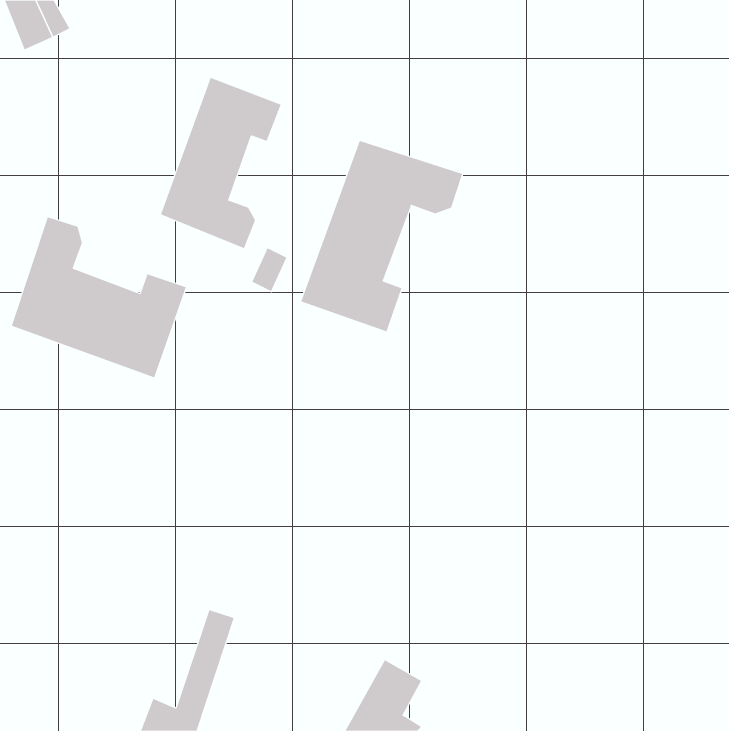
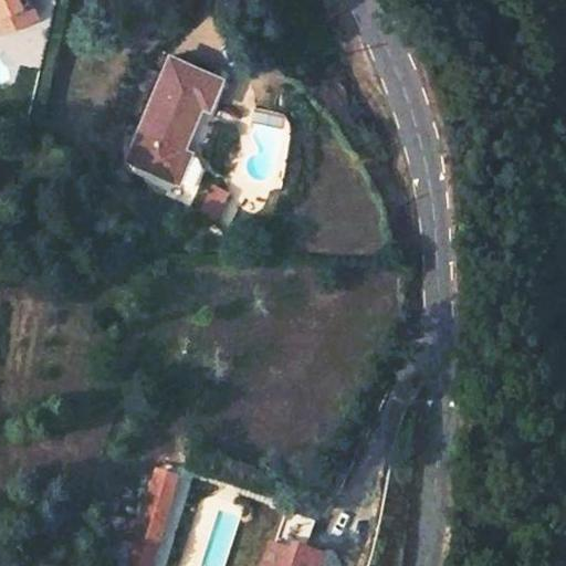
building: [300,140,463,332] -> none
building: [11,216,187,378] -> none

